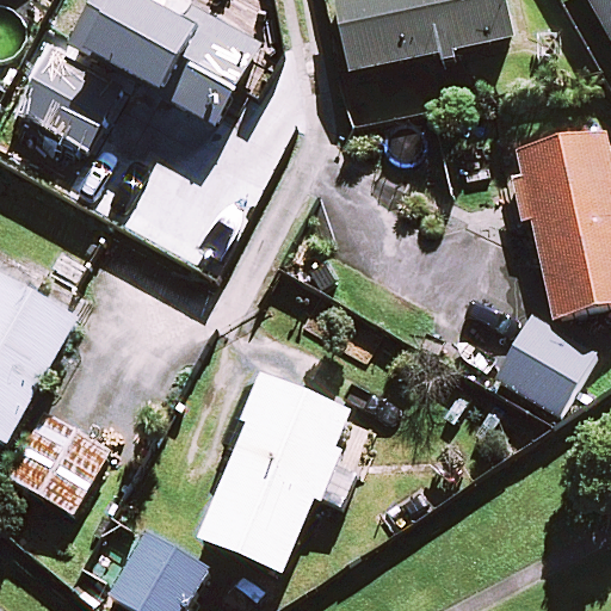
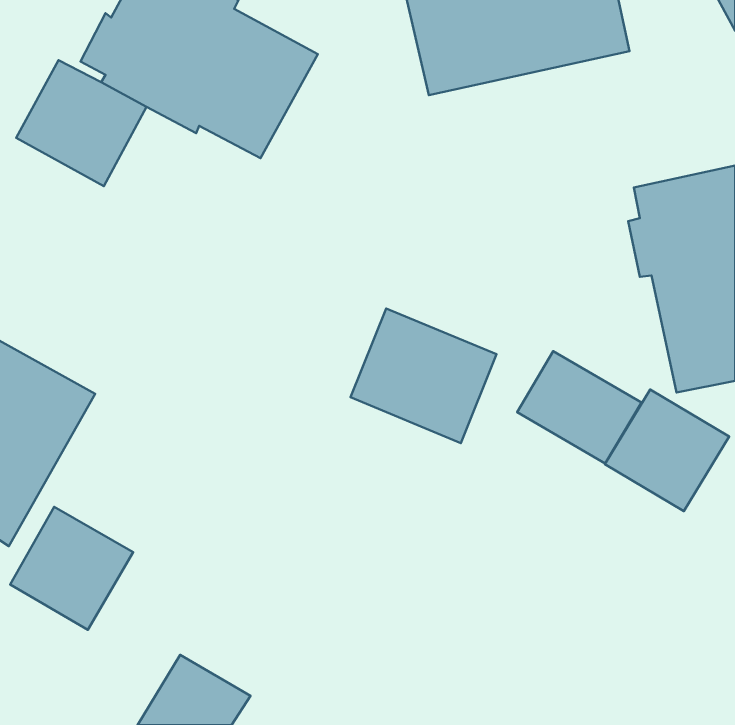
building: none -> [351,308,496,443]
building: none -> [517,351,641,464]
building: [196,374,350,576] -> none

